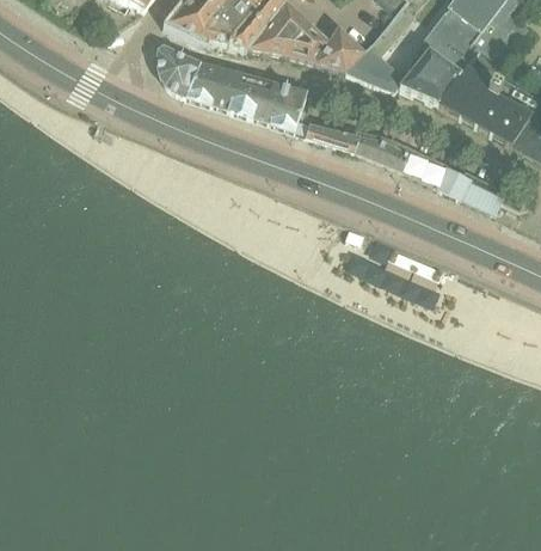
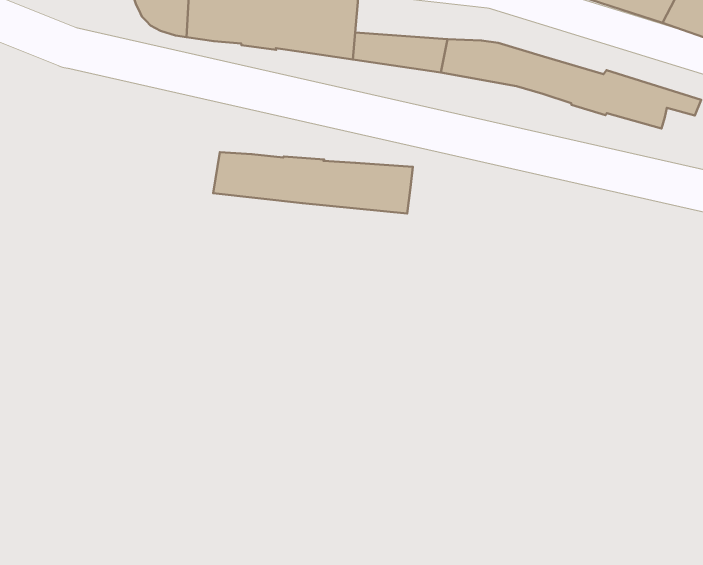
building: none -> [213,152,413,214]

